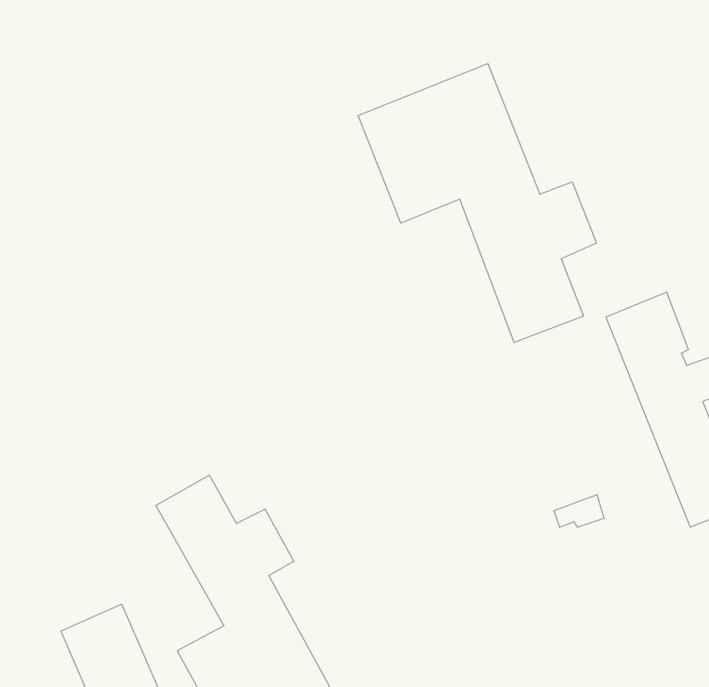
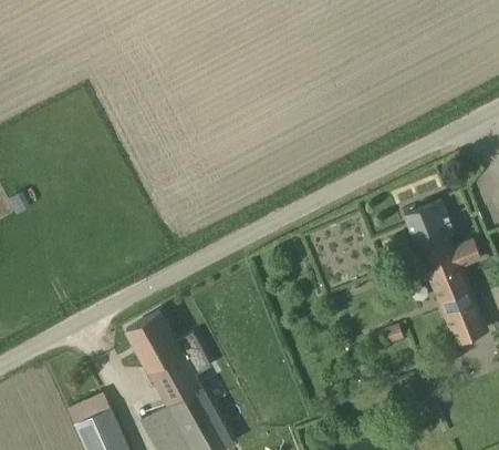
building: [358,64,596,343] -> none

